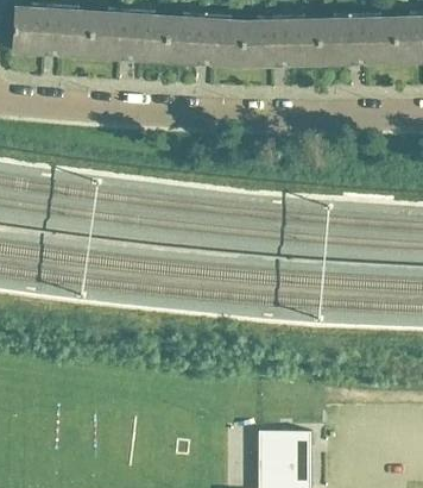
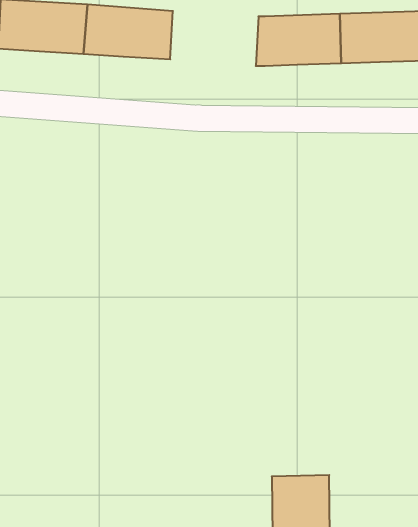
building: [168,17,246,65] -> none

